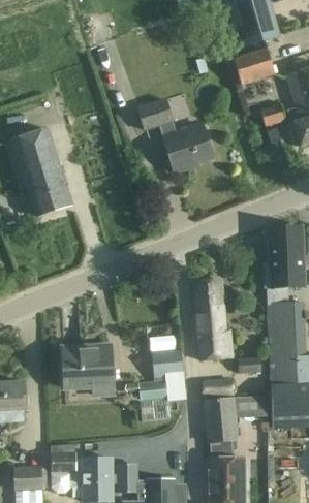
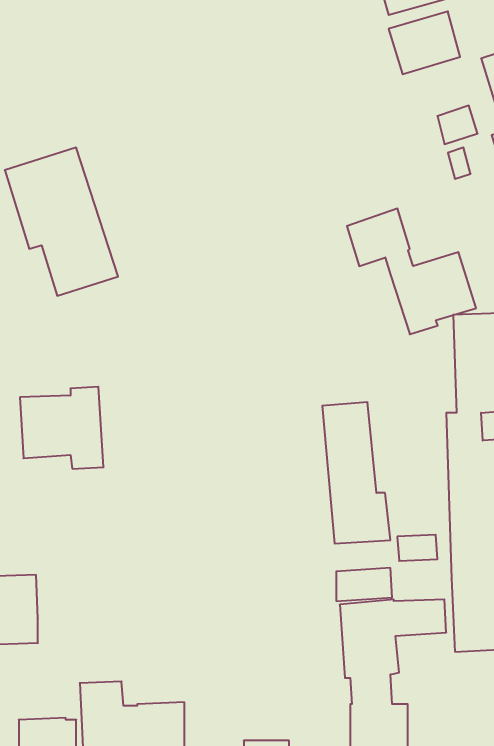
building: [136,97,213,171] -> [347,209,476,334]
building: [63,345,113,394] -> [20,387,104,469]
building: [137,346,186,419] -> none

